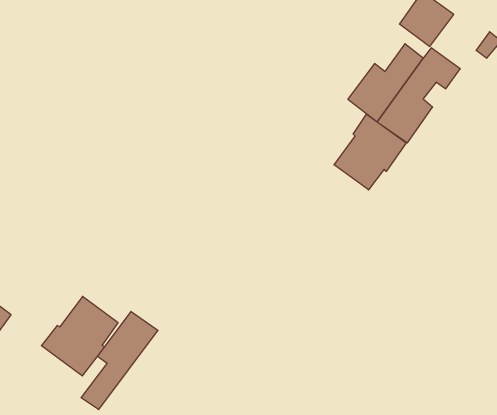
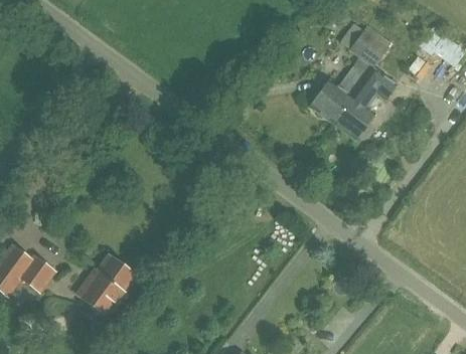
building: [334,114,406,190] -> none
building: [81,311,158,410] -> none

